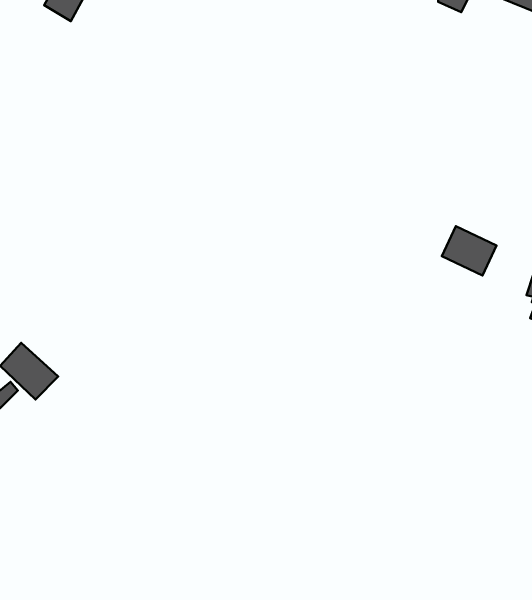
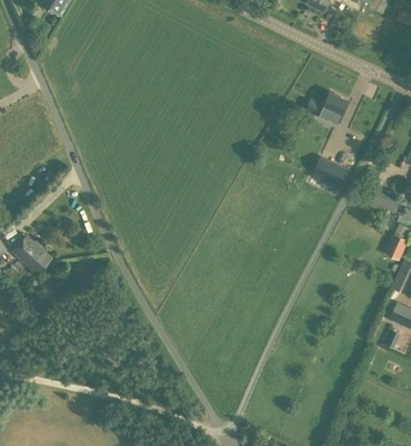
building: none -> [306,91,347,124]

